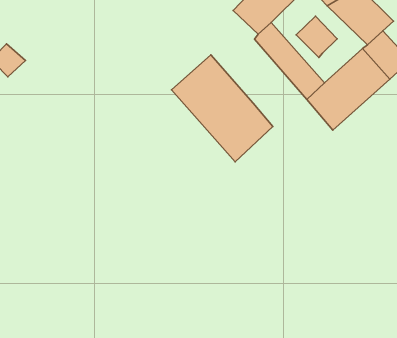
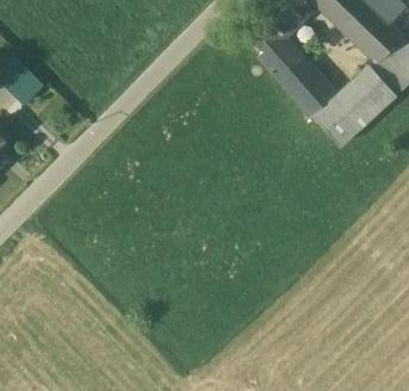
building: [296,16,337,57] -> none
building: [172,55,273,162] -> none

